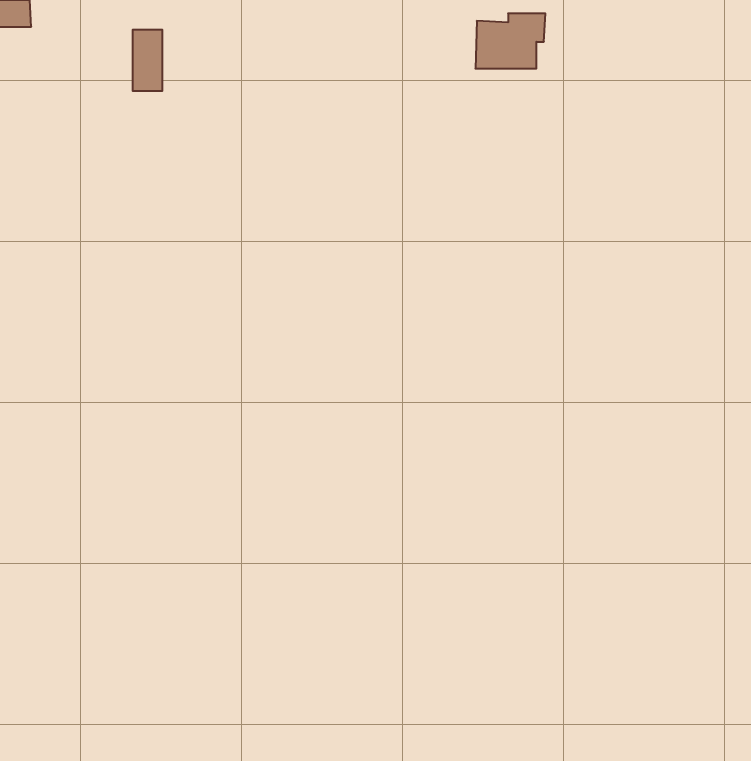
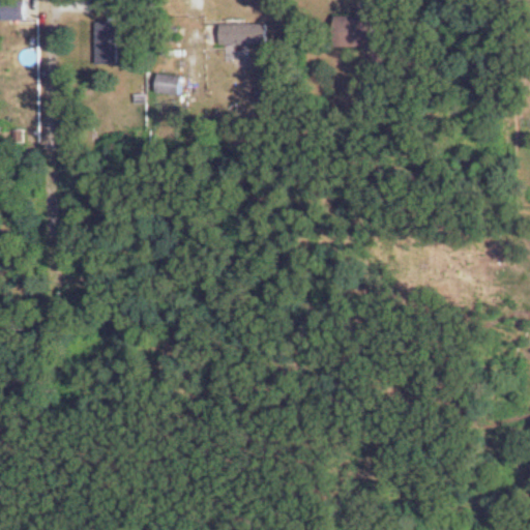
building: none -> [217,24,263,43]
building: none -> [153,75,177,93]

